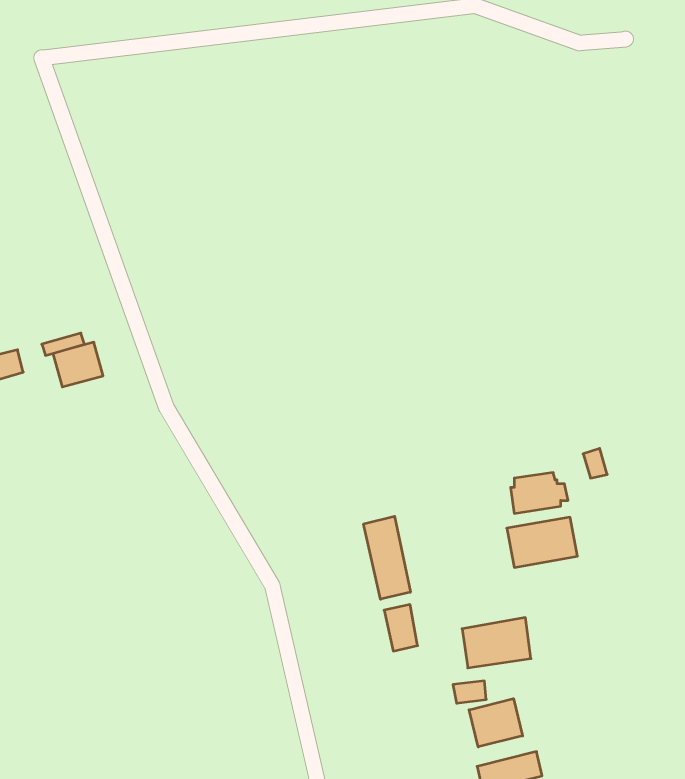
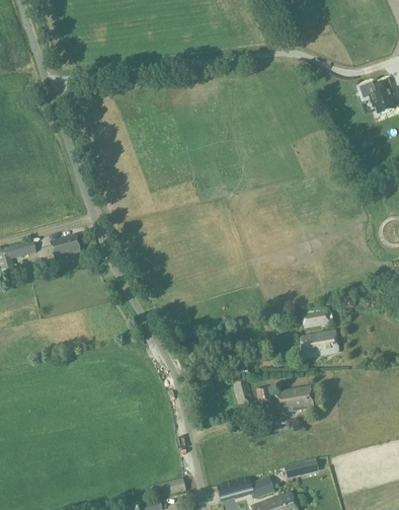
building: none -> [368,78,393,113]
building: [364,516,410,599] -> none
building: [469,699,523,747] -> none

